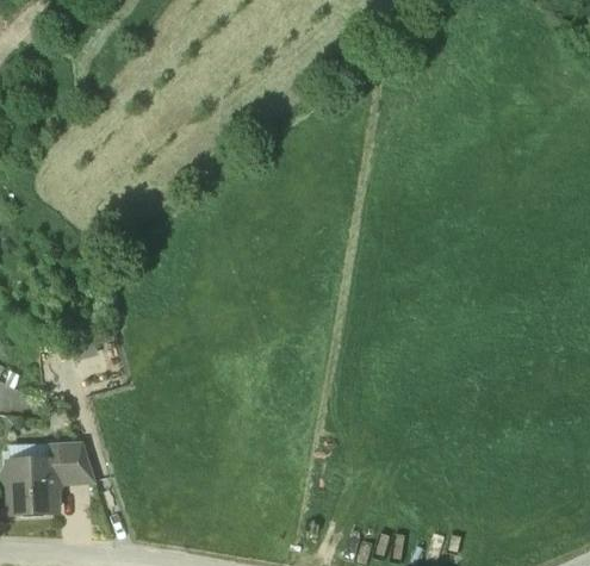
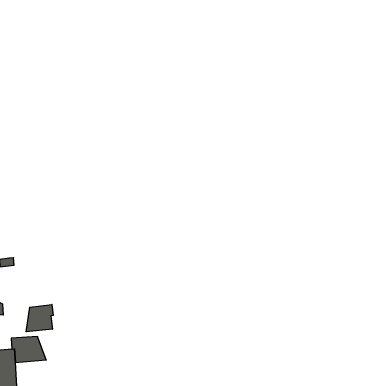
building: none -> [26,304,53,332]

